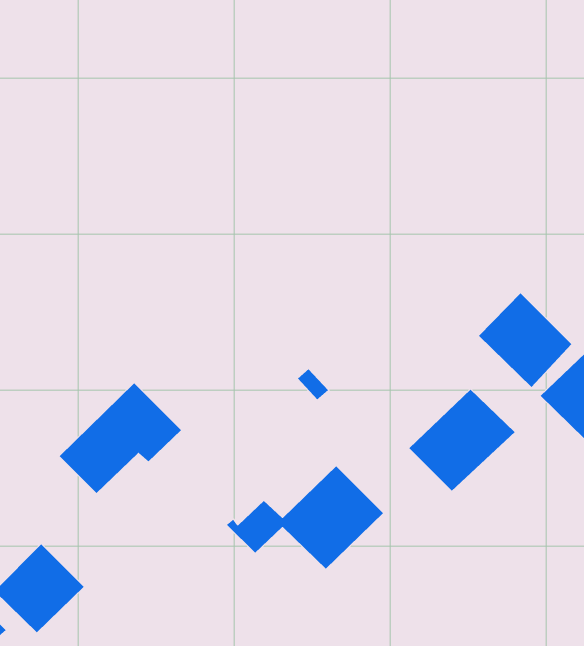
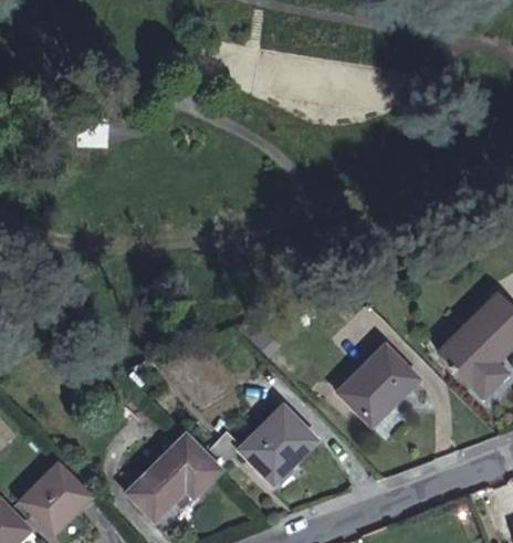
building: [478,292,572,388] -> none
building: [59,383,182,494] -> [127,435,221,520]

